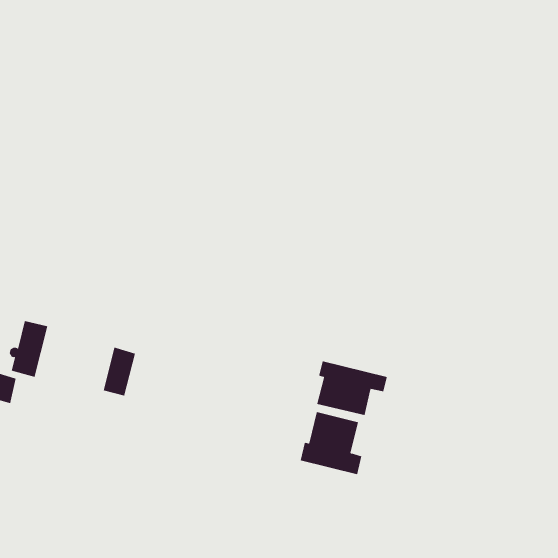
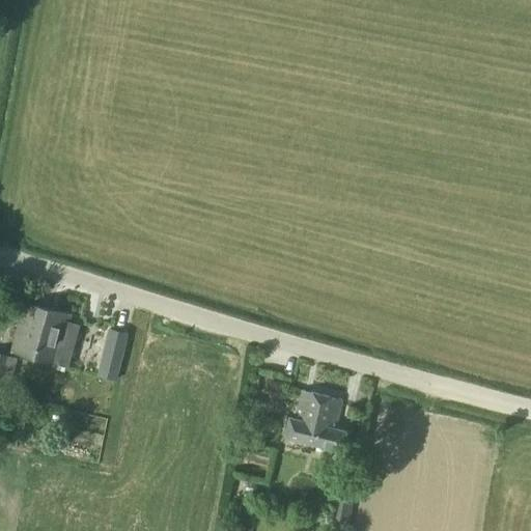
building: none -> [33,309,80,367]
building: [317,360,388,416] -> none

